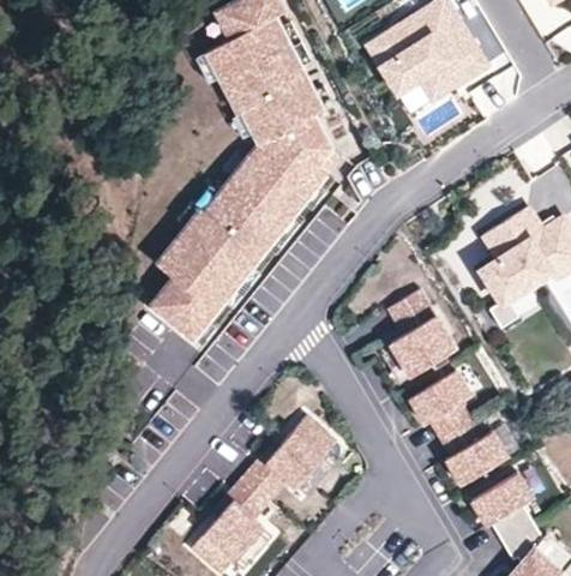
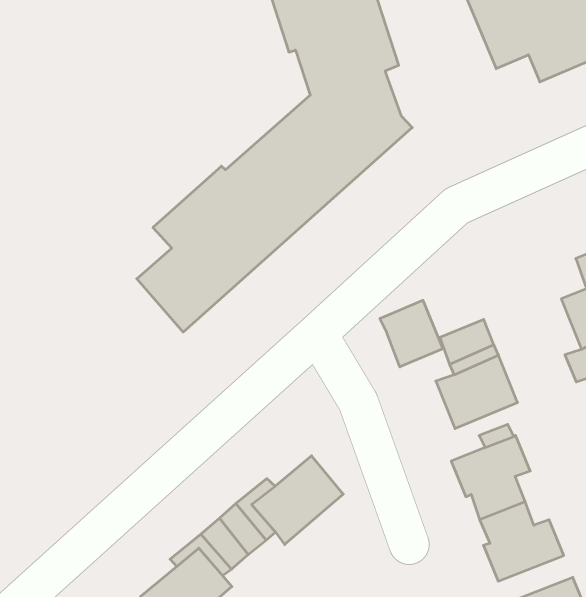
building: none -> [380,300,443,367]

